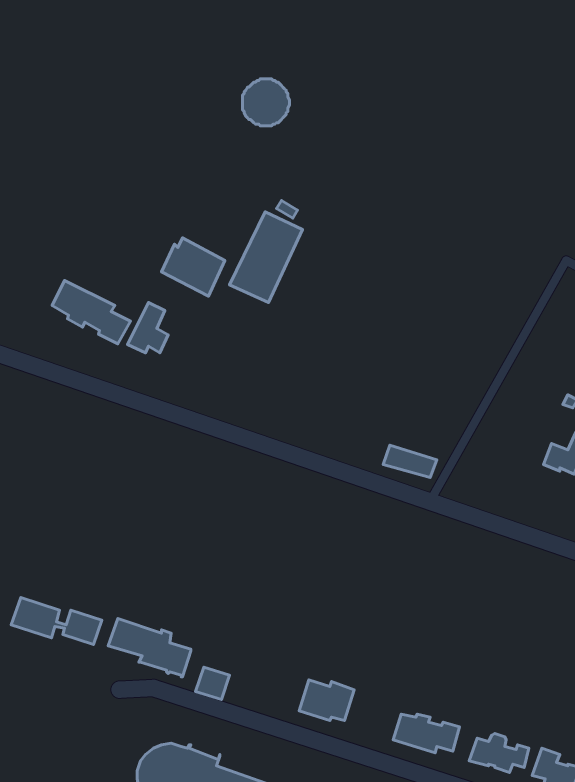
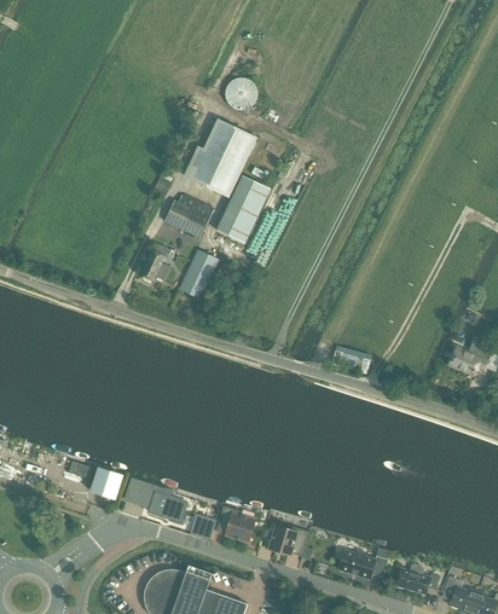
building: none -> [184,120,255,196]
building: [52,280,130,344] -> none
building: none -> [179,249,218,299]
building: none -> [215,505,254,541]

